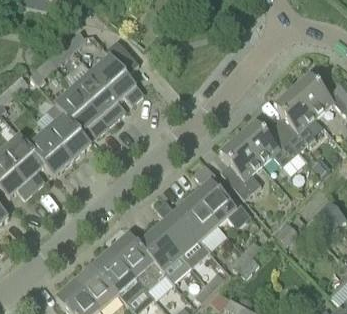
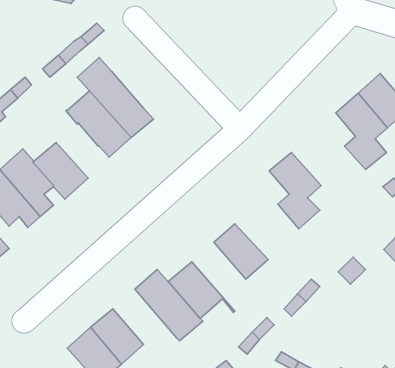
building: [92,41,144,104] -> none
building: [38,103,91,158] -> none
building: [238,121,306,175] -> none
building: [192,165,250,227] -> none
building: [156,200,209,266] -> none
building: [93,248,145,303] -> none

